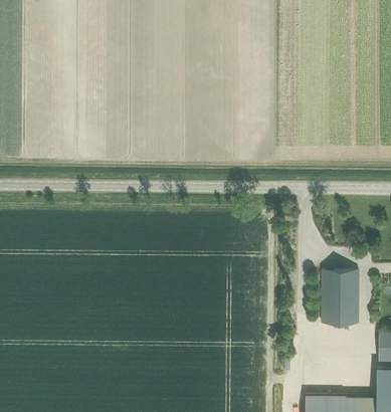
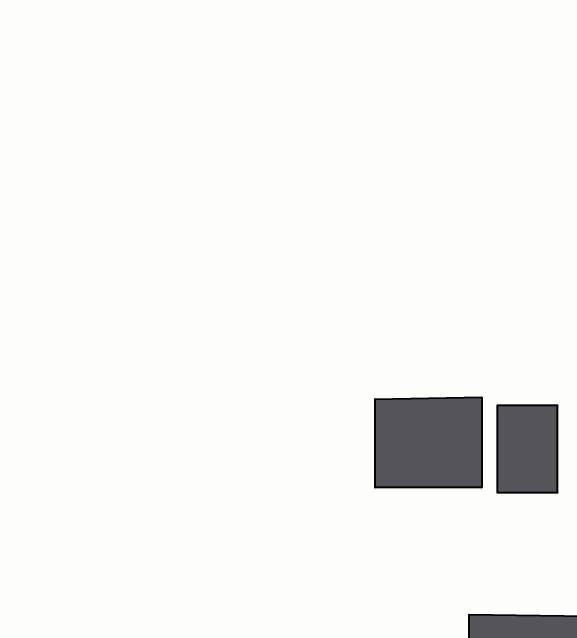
building: none -> [375,397,482,488]

